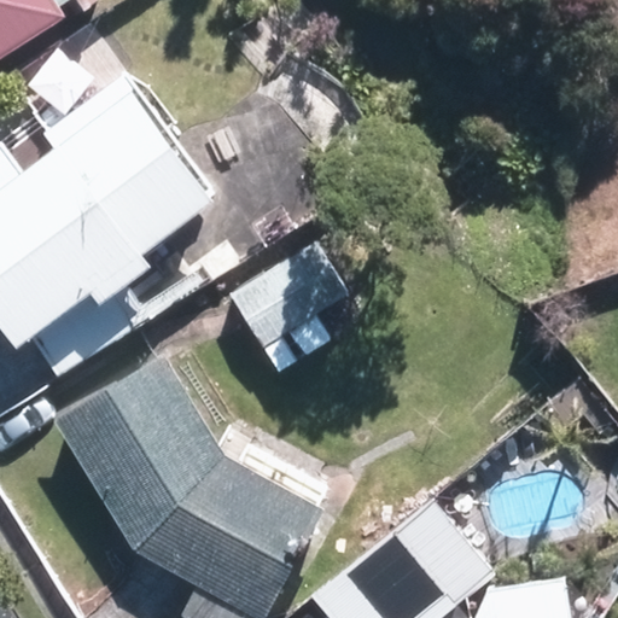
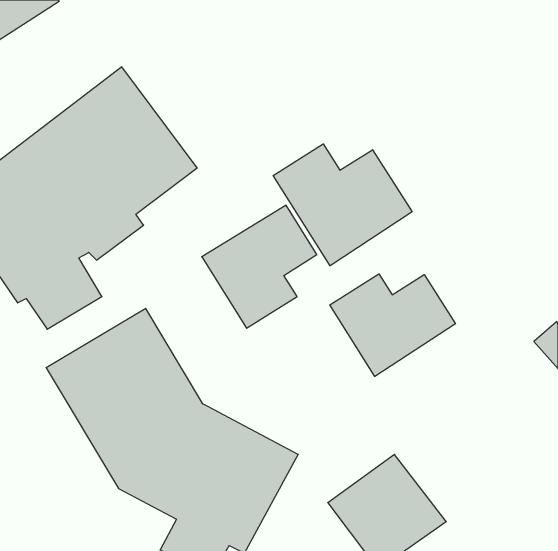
building: none -> [273,144,412,266]
building: none -> [330,274,455,376]

